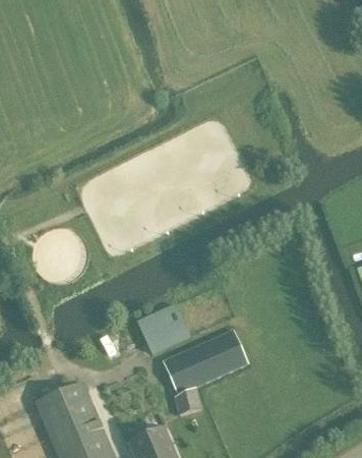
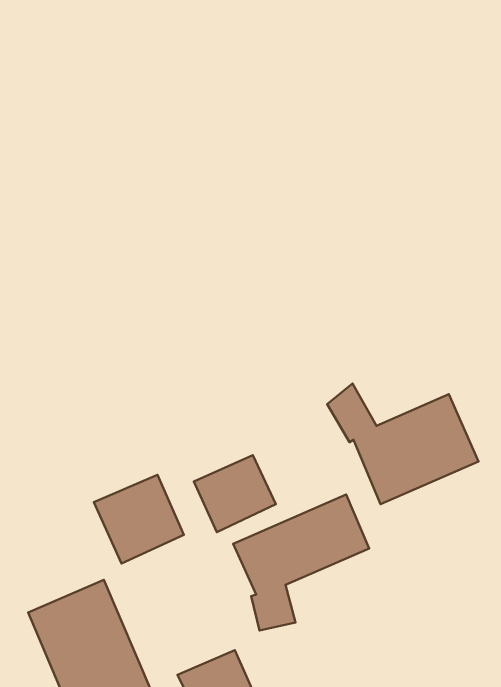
building: none -> [327,384,479,504]
building: none -> [94,475,184,563]

